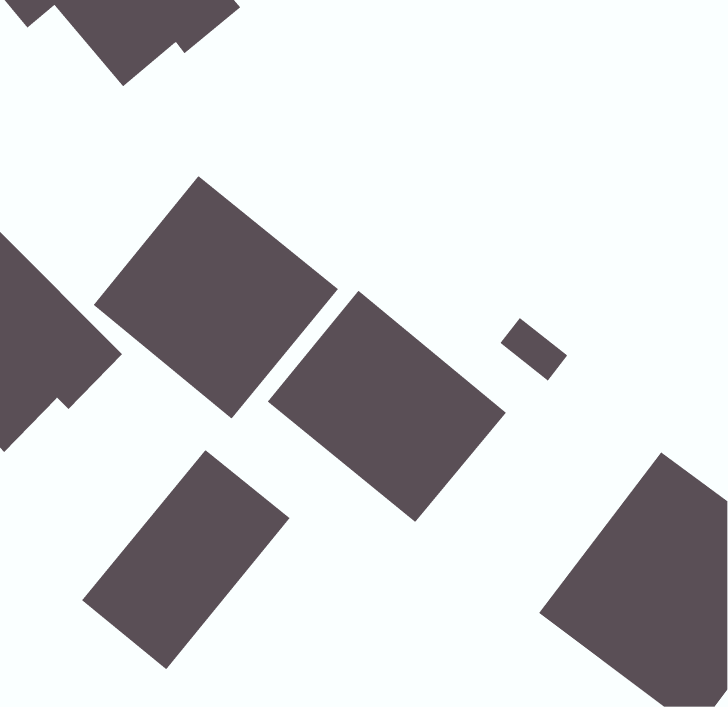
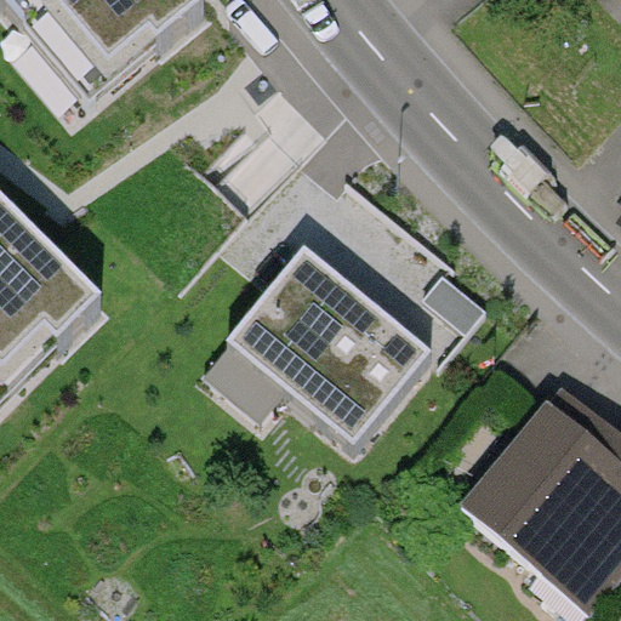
building: [93,175,339,420] -> none
building: [81,449,290,670] -> none

